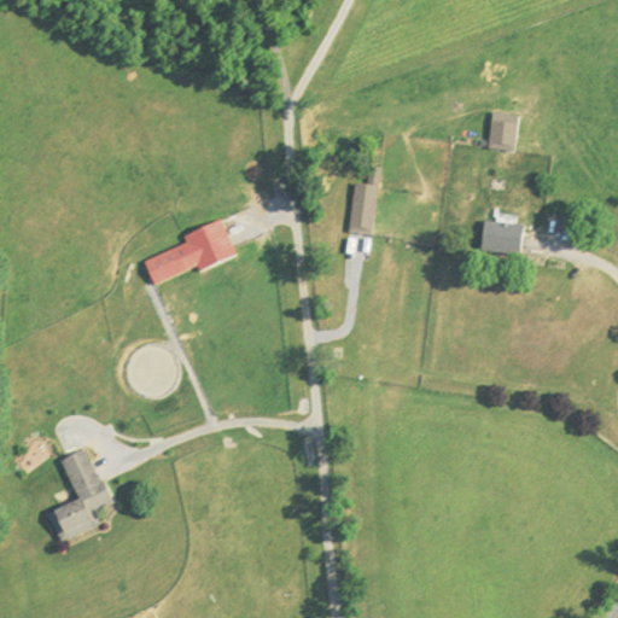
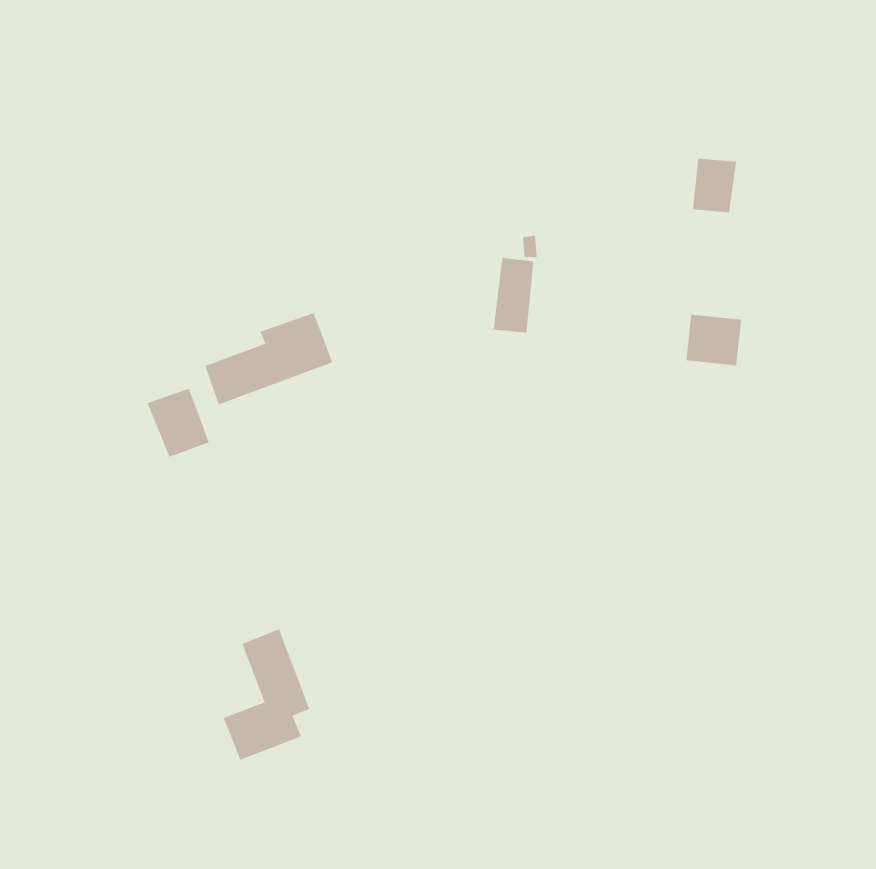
building: none -> [147,388,210,457]
building: [48,444,110,537] -> [223,628,310,761]

